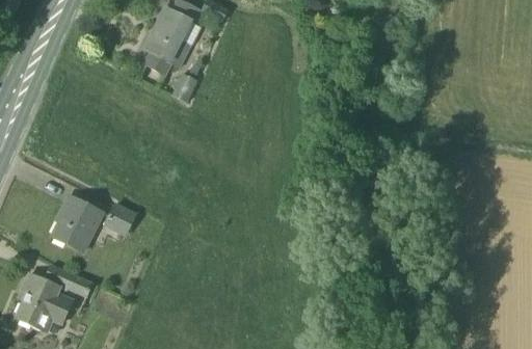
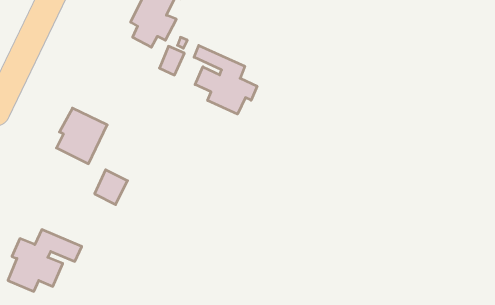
building: none -> [194,45,257,114]
building: [50,195,103,253] -> [56,108,107,164]

